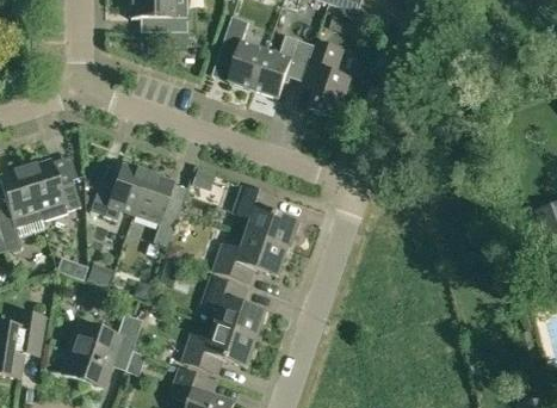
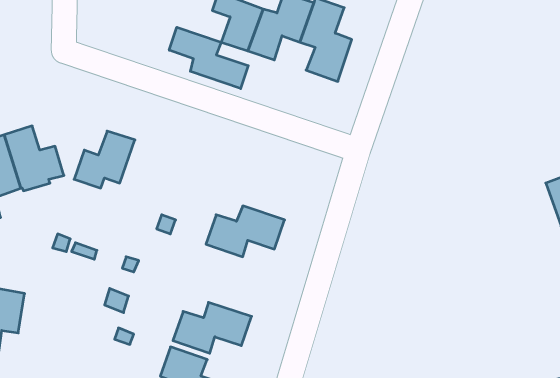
building: none -> [169,27,248,89]
building: [132,173,179,246] -> none
building: [234,185,297,248] -> none
building: [203,276,266,339] -> none
building: [62,322,118,387] -> none

